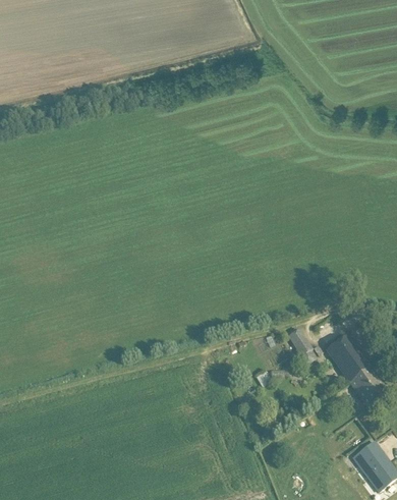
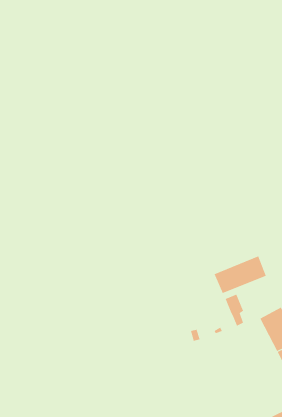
building: none -> [214,255,267,294]

